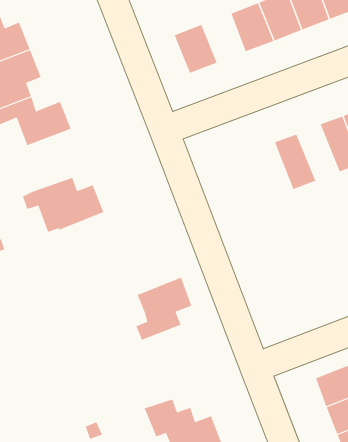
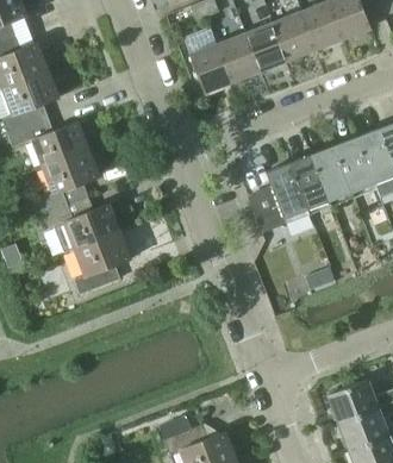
building: none -> [216,35,258,83]
building: none -> [310,144,351,200]
building: none -> [33,149,98,215]
building: none -> [247,162,310,232]
building: [136,277,192,341] -> [74,231,130,294]

